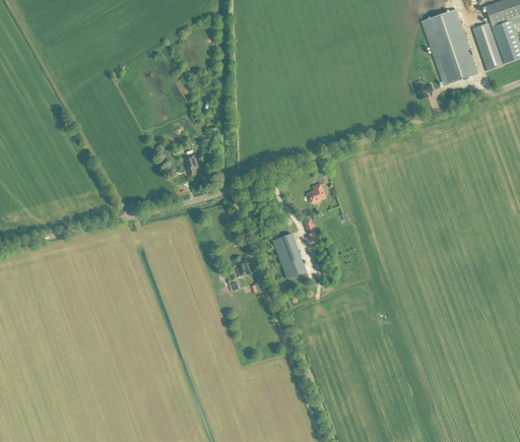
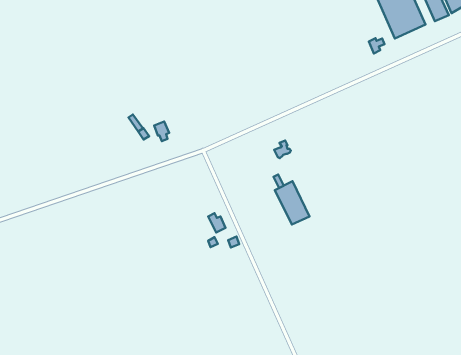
building: [272,233,307,278] -> [275,181,310,225]

